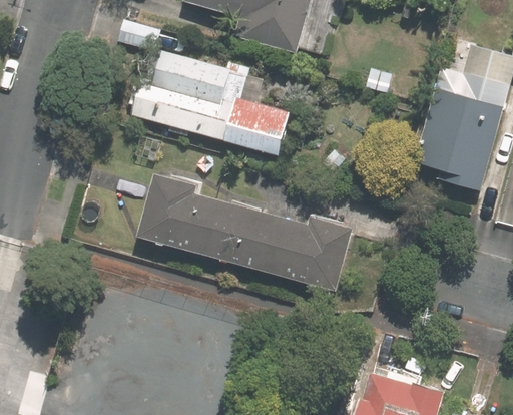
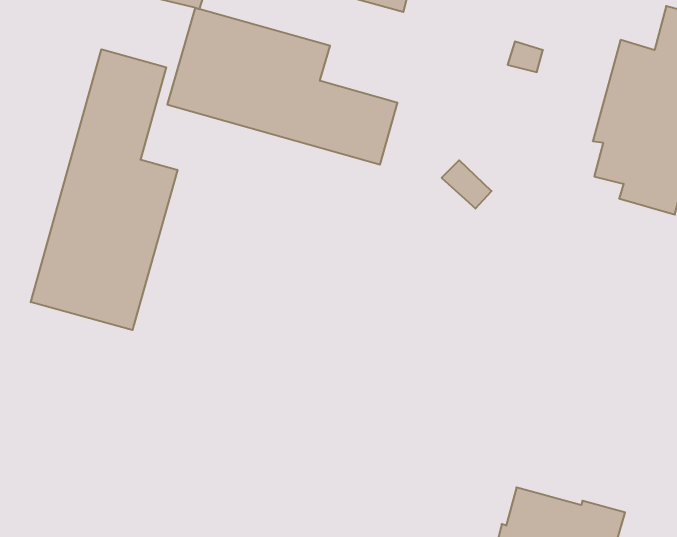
building: none -> [31,49,177,330]
building: [142,176,350,287] -> none

